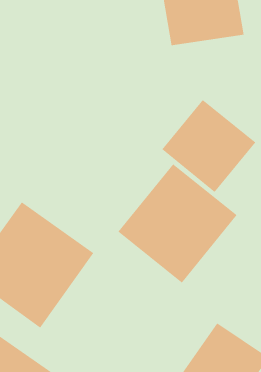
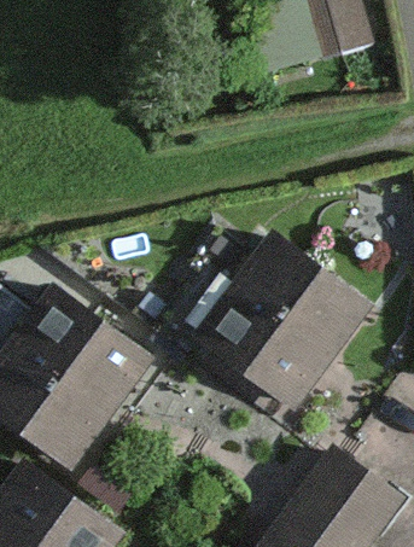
building: [161,99,256,193] -> none

